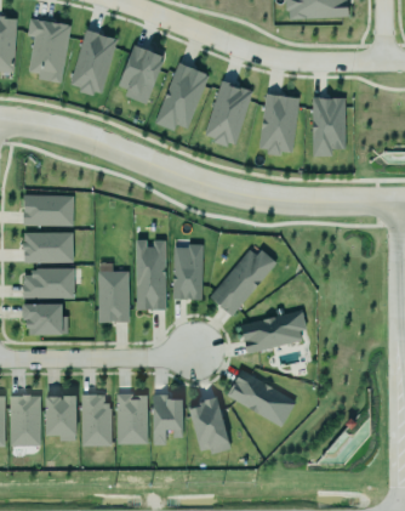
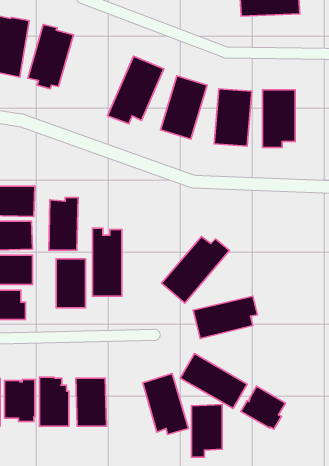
building: [120,44,164,103] -> none
building: [172,244,202,299] -> [49,197,78,250]
building: [154,390,186,444] -> [192,405,222,457]
building: none -> [241,386,285,429]

